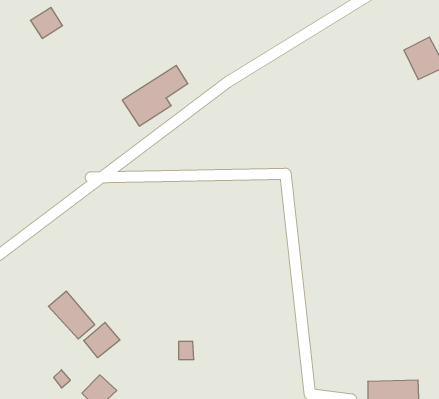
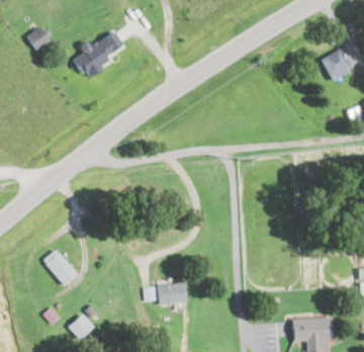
building: [122,65,188,126] -> [74,30,125,78]
building: [84,322,120,358] -> none
building: none -> [159,282,186,302]

